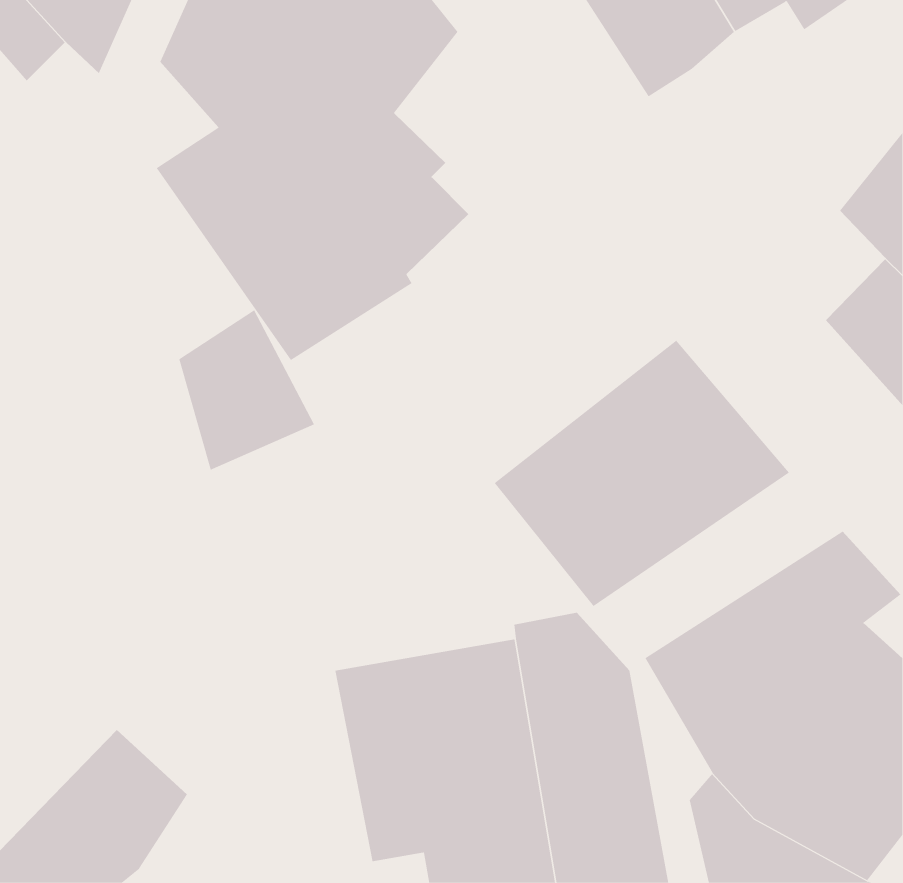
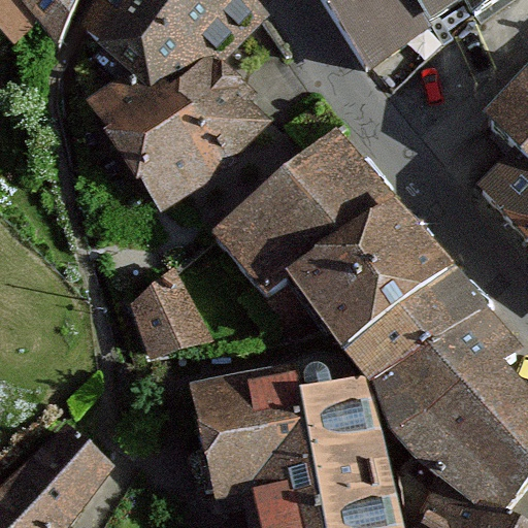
building: none -> [216,98,394,296]
building: [178,310,315,471] -> [133,268,212,362]
building: none -> [345,275,491,384]

